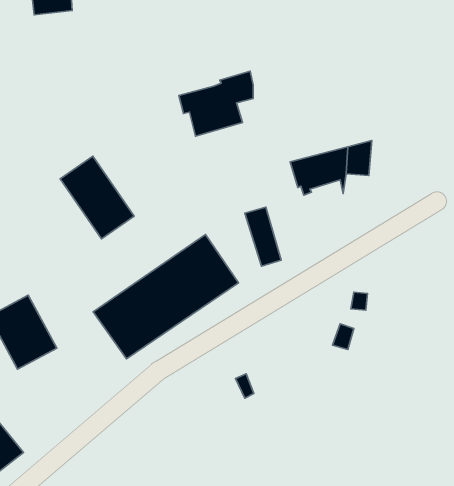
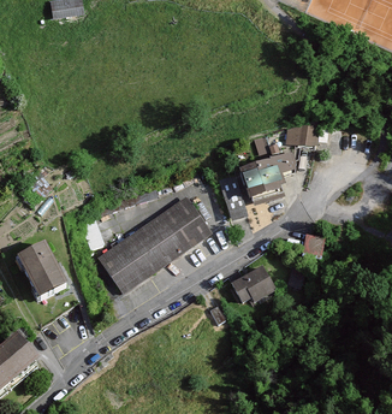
building: [179,71,253,136] -> [237,153,296,205]
building: [60,156,134,239] -> none
building: none -> [231,266,278,306]

